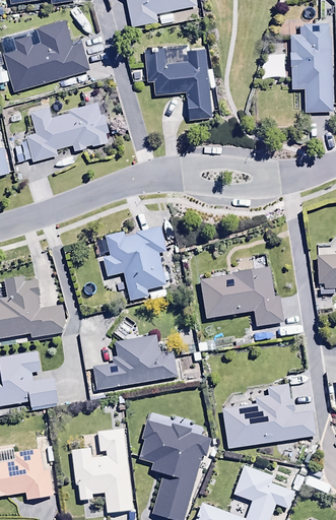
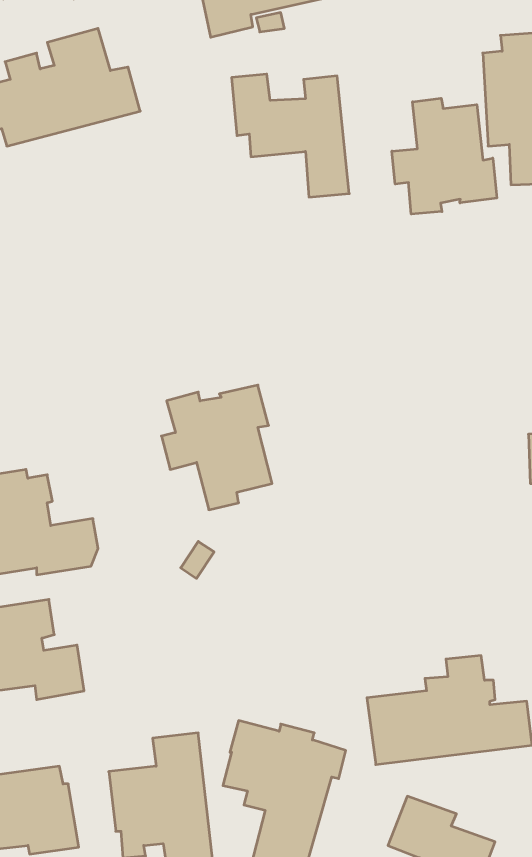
building: none -> [392,98,497,214]
building: [15,101,109,160] -> none
building: [202,267,285,326] -> none
building: [94,334,178,389] -> none

